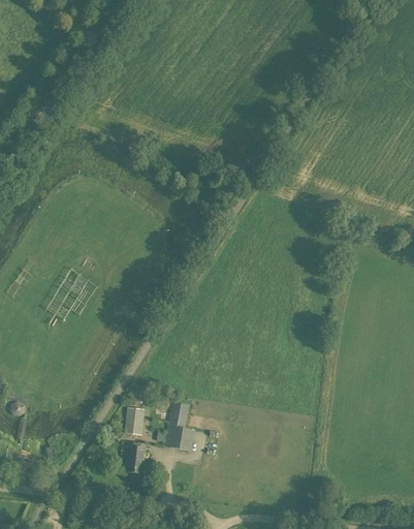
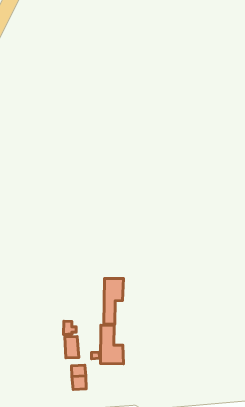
building: none -> [104,278,123,324]

